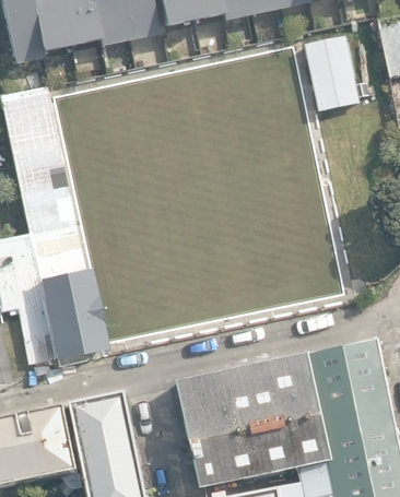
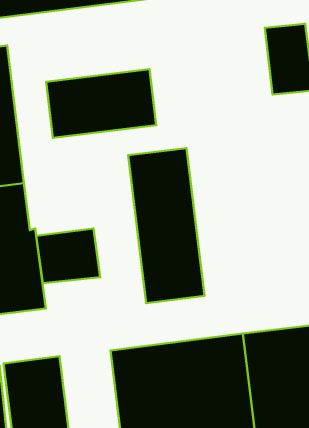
building: none -> [46,69,156,138]
building: none -> [128,148,205,303]
building: none -> [36,229,100,283]

